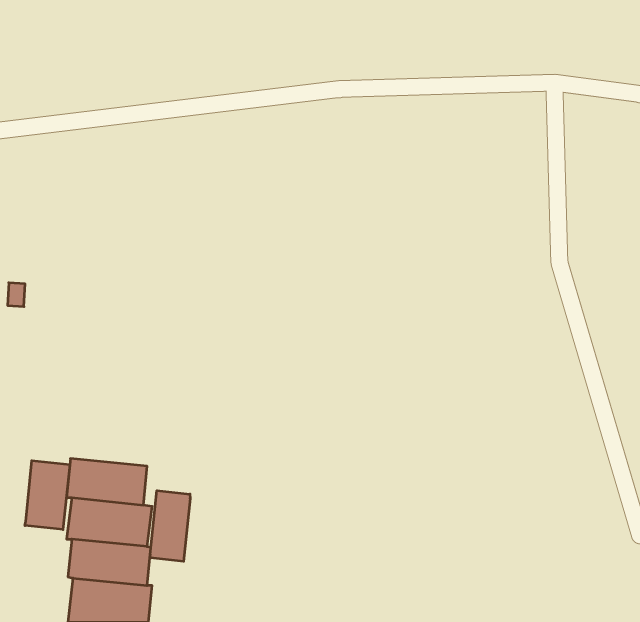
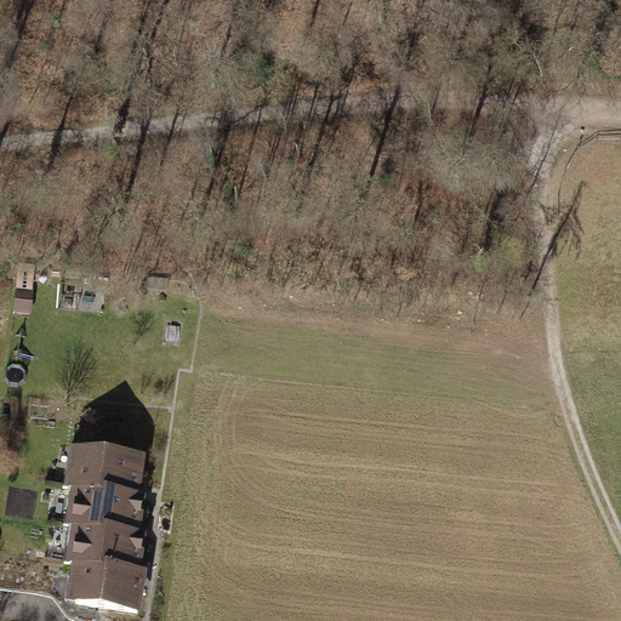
building: [25,461,70,530] -> none
building: [150,491,190,561] -> none

